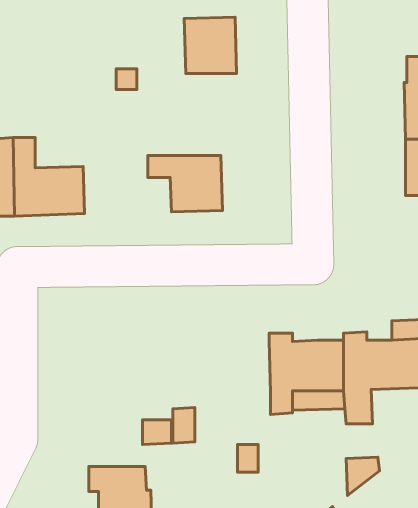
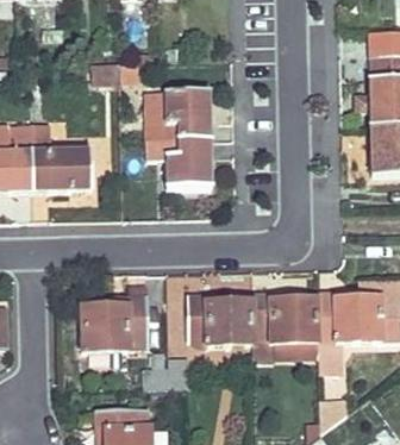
building: [184,17,237,74] -> [164,90,210,139]
building: none -> [81,286,148,351]
building: none -> [186,294,252,345]

